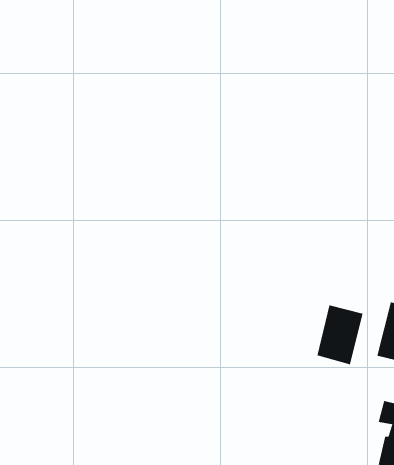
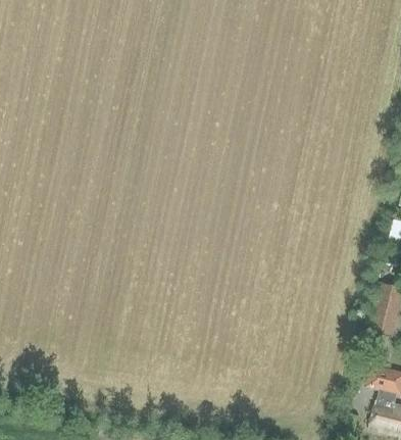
building: [317,305,363,365] -> none

